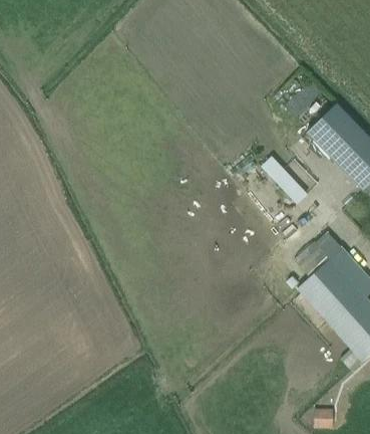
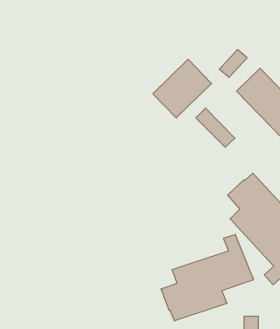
building: none -> [153,59,212,118]
building: none -> [161,234,253,321]

